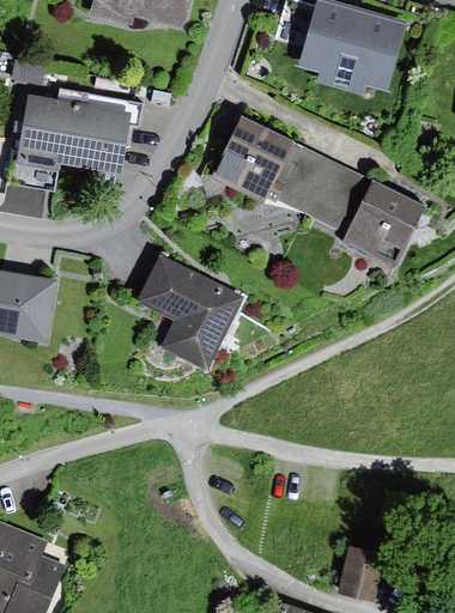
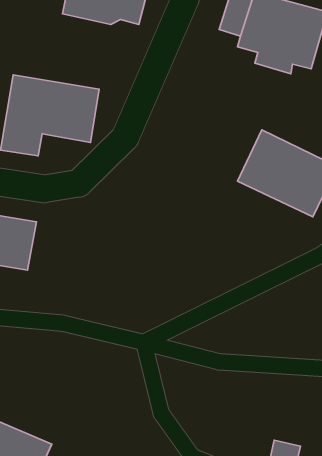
building: [211,117,334,225] -> none
building: [135,255,241,371] -> none

